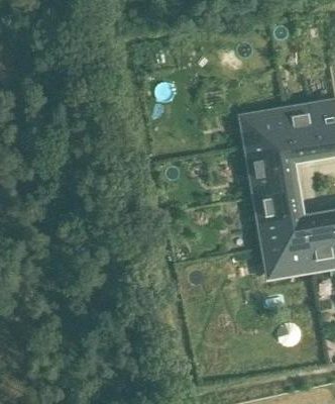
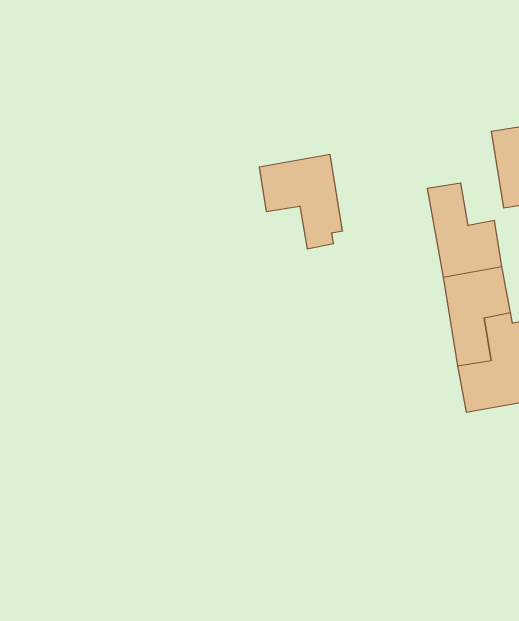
building: [244,117,292,171] -> [259,155,343,249]

